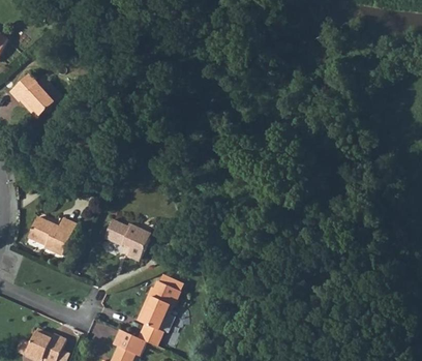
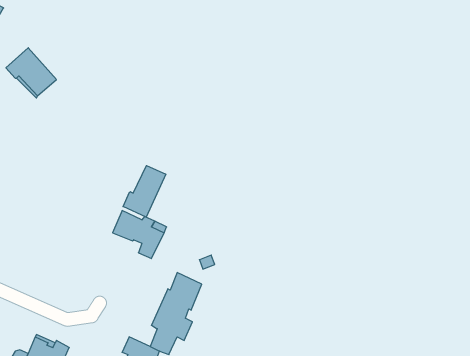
building: none -> [123,166,166,217]
building: [28,216,77,257] -> none

